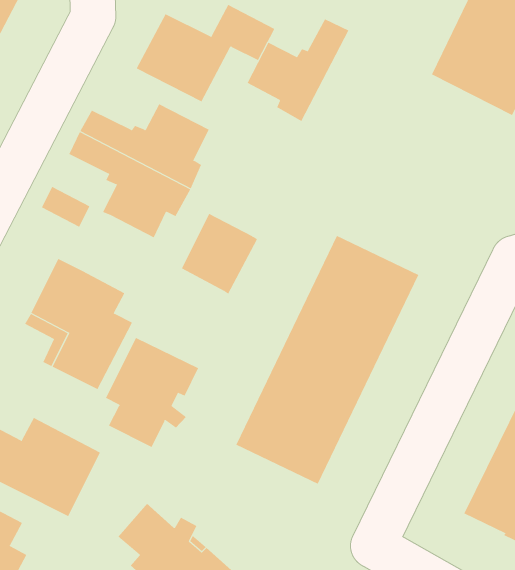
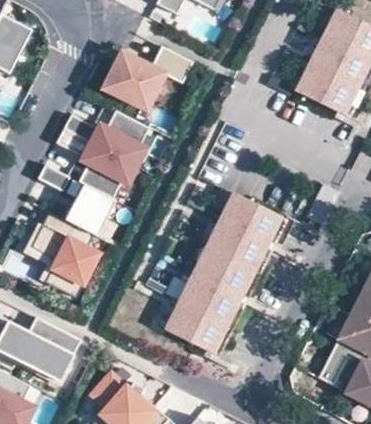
building: [247,19,349,122] -> none
building: [181,213,258,294] -> [67,184,117,237]
building: [105,337,199,448] -> none

